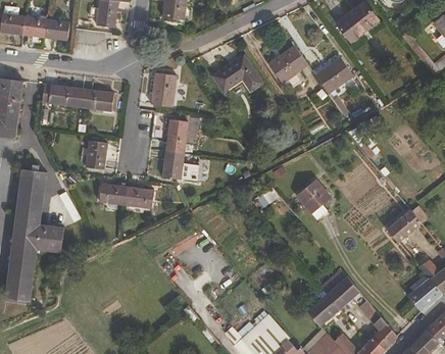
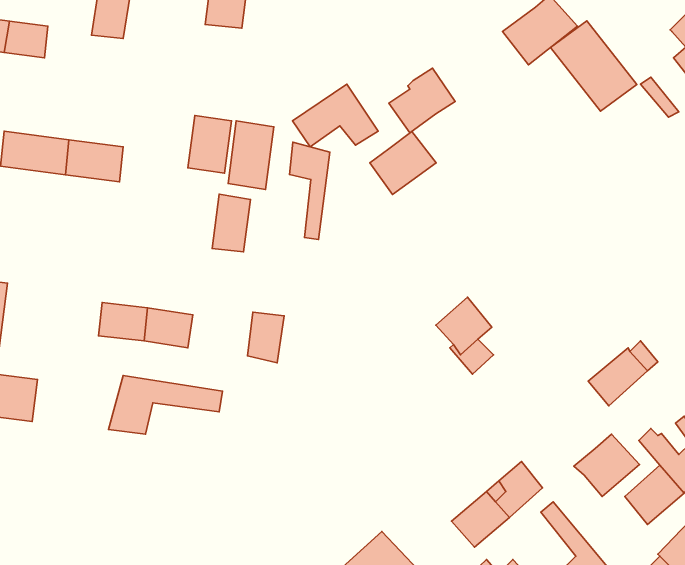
building: none -> [550,21,637,111]
building: [314,58,353,95] -> [370,132,436,194]
building: none -> [228,121,274,190]
building: none -> [290,142,330,239]
building: [85,141,107,169] -> none
building: [162,151,184,181] -> [248,312,284,363]
building: none -> [109,375,223,434]
building: none -> [574,434,640,496]

